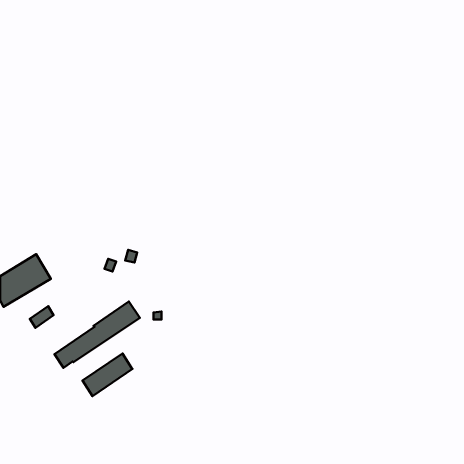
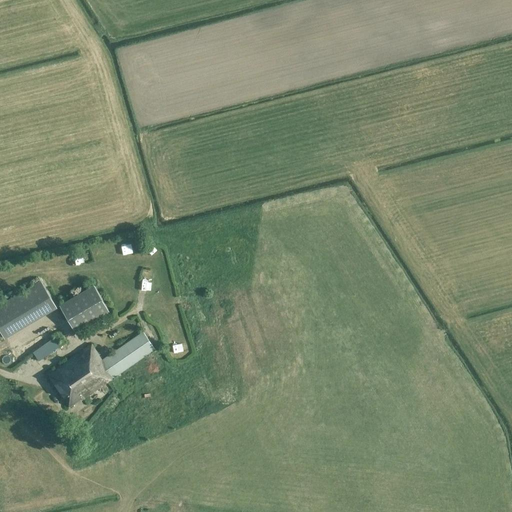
building: none -> [59,285,110,333]
building: [83,353,133,396] -> [49,343,104,390]

